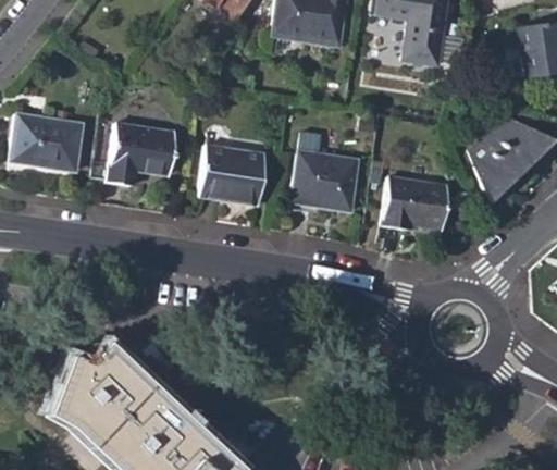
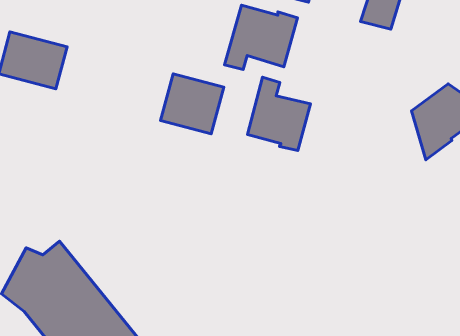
building: none -> [224,5,297,70]
building: [107,122,173,186] -> none
building: [383,174,447,228] -> none

